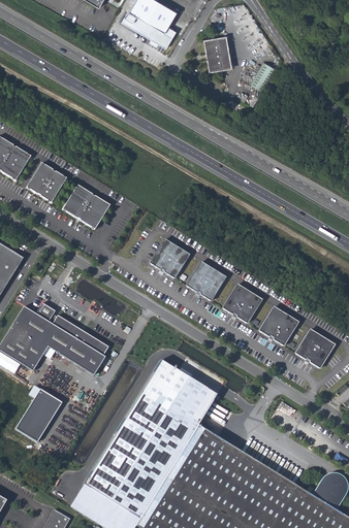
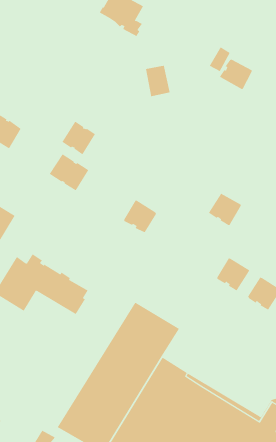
building: [201,36,231,73] -> [145,65,171,97]
building: none -> [219,59,252,90]
building: [26,162,66,202] -> [62,121,96,155]
building: [186,262,225,300] -> none
building: [222,285,261,323] -> [208,193,241,226]
building: [15,388,62,440] -> none

